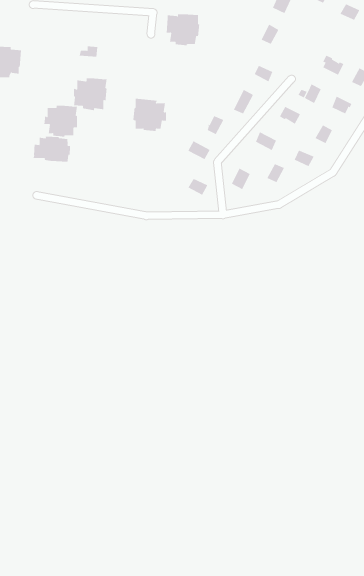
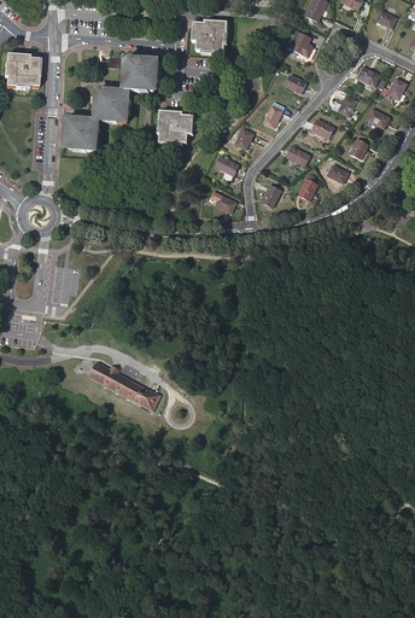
building: none -> [123,58,159,92]
building: [33,136,71,163] -> none
building: none -> [88,361,159,410]

